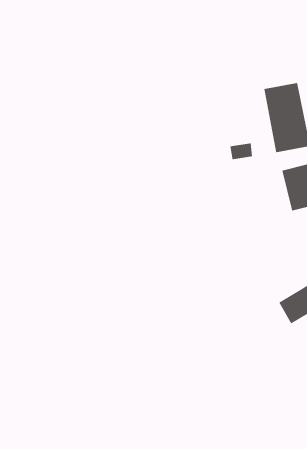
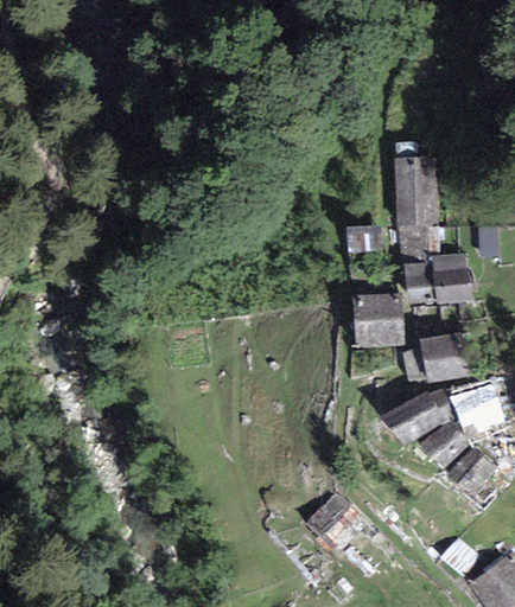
building: none -> [350,304,393,338]
building: none -> [313,490,365,542]

